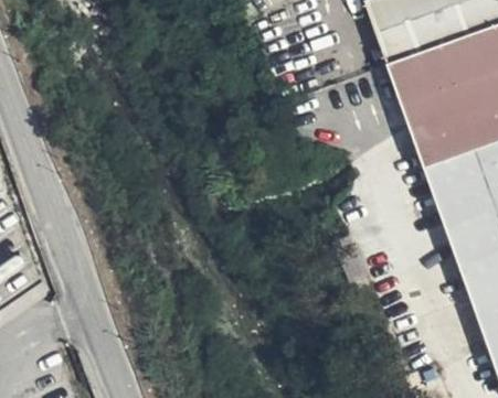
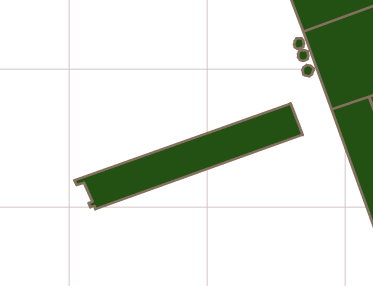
building: none -> [74,103,303,209]

